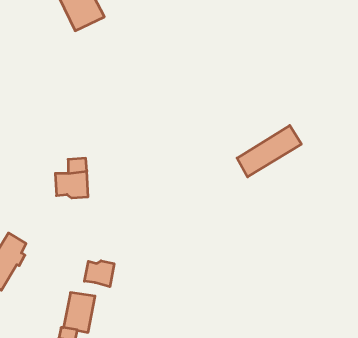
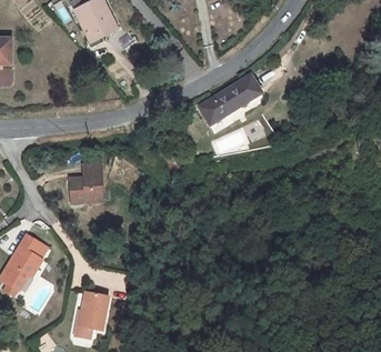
building: [237,125,301,177] -> [200,76,261,124]
building: [84,261,114,287] -> none

